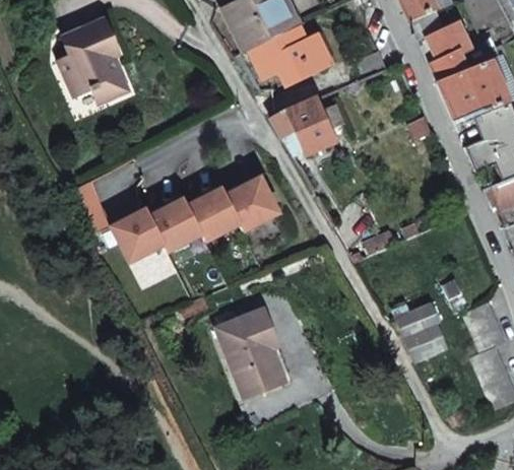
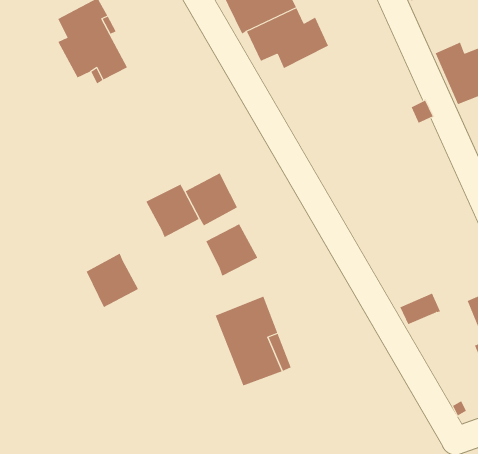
building: [427,22,468,61] -> none
building: [270,97,343,155] -> none
building: [226,178,277,229] -> [205,224,258,276]
building: [112,208,164,262] -> [86,253,139,308]
building: [405,324,445,361] -> none

